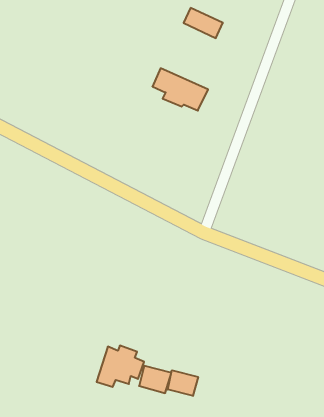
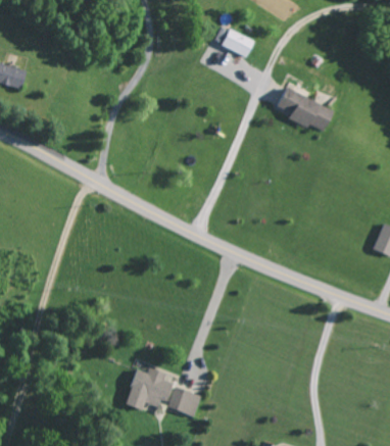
building: [152,68,208,111] -> [277,88,333,131]
building: [168,370,198,396] -> none

